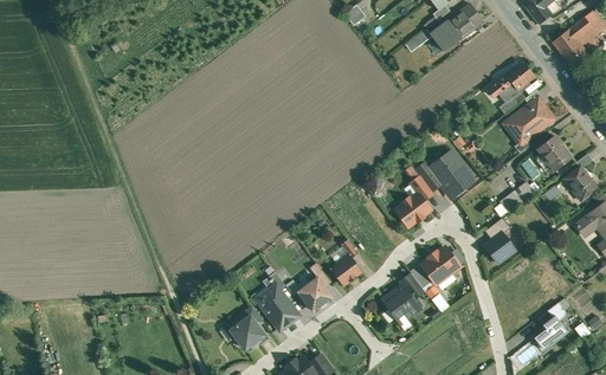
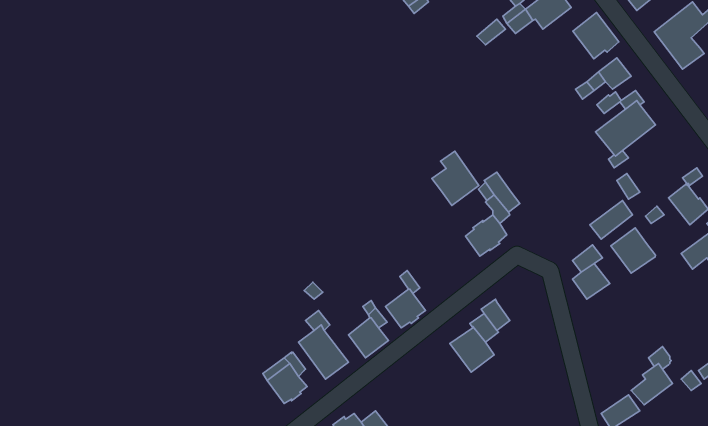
building: none -> [573,13,619,59]
building: [536,135,572,170] -> none
building: [433,150,472,195] -> [432,151,479,205]
building: none -> [611,228,655,273]
building: [421,246,456,283] -> none

